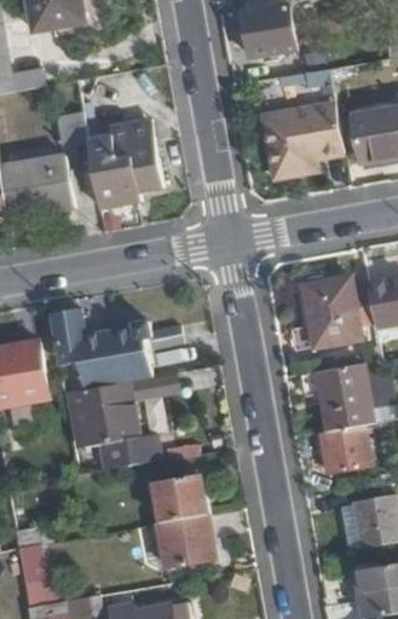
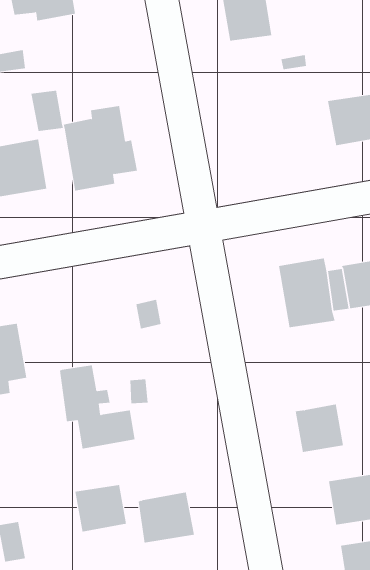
building: [265,104,344,177] -> none
building: [54,306,148,389] -> none
building: [318,361,374,430] -> none
building: [156,474,209,522] -> [75,485,127,532]

